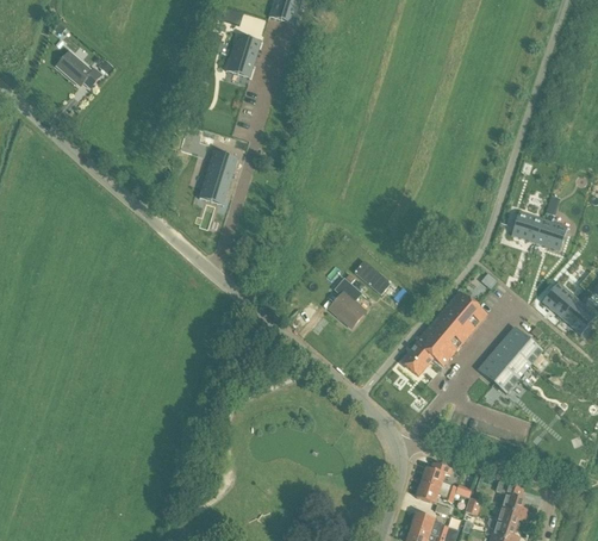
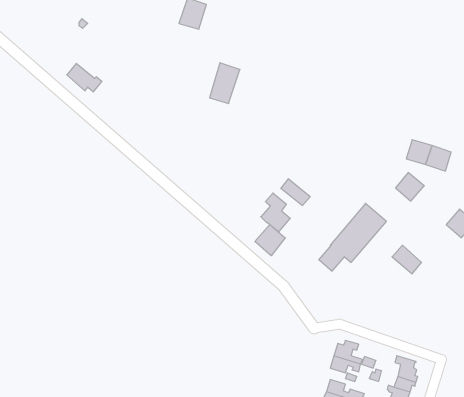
building: [56,52,100,88] -> [67,63,102,92]
building: [199,151,237,203] -> [210,63,240,104]
building: [541,282,577,318] -> [396,173,424,201]
building: none -> [255,224,285,256]
building: [505,330,542,366] -> none
building: [480,359,517,394] -> none

